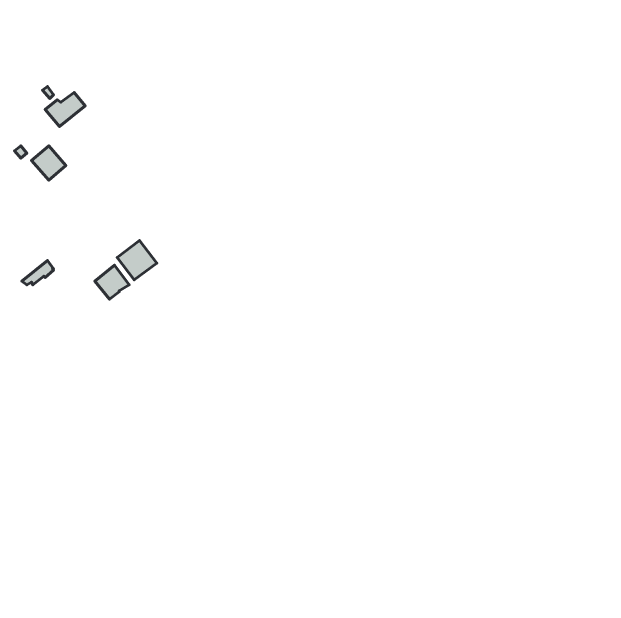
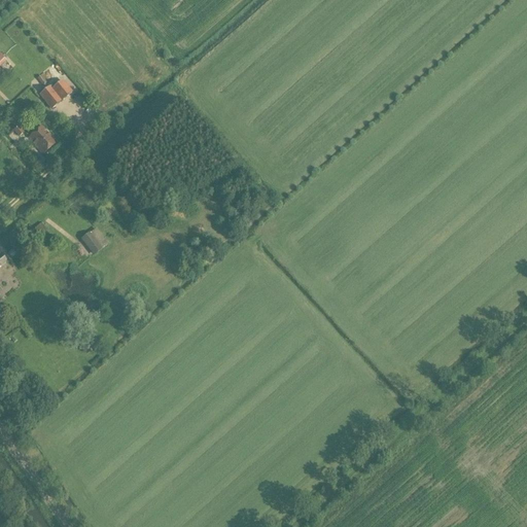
building: [117,241,157,280] -> none

